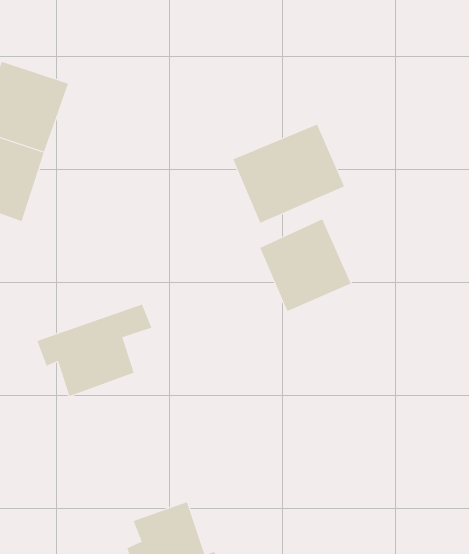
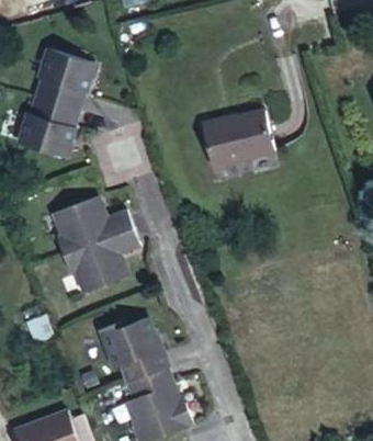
building: [259,218,352,312] -> none
building: none -> [55,193,136,252]
building: none -> [104,312,167,375]

